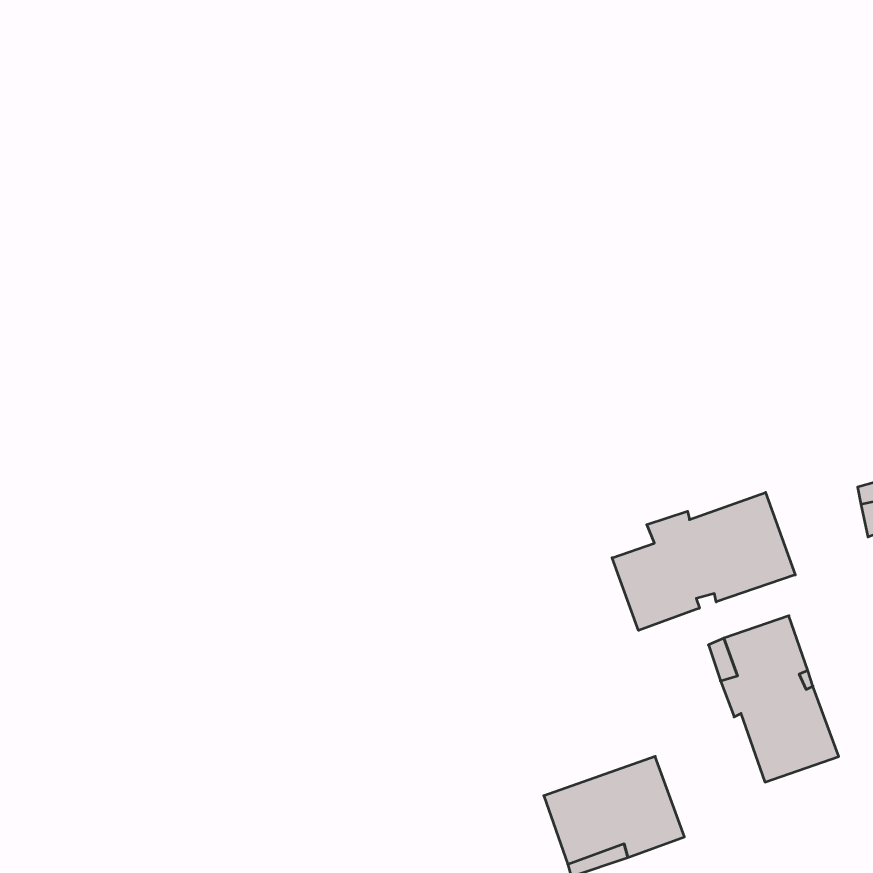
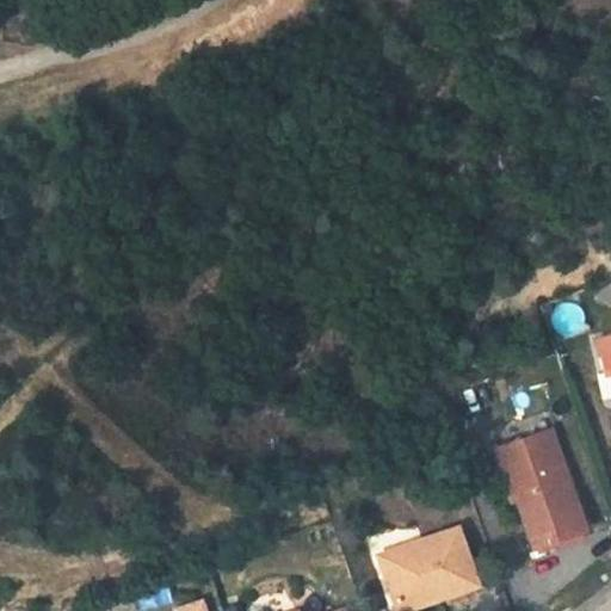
building: [612,492,795,630] -> none

